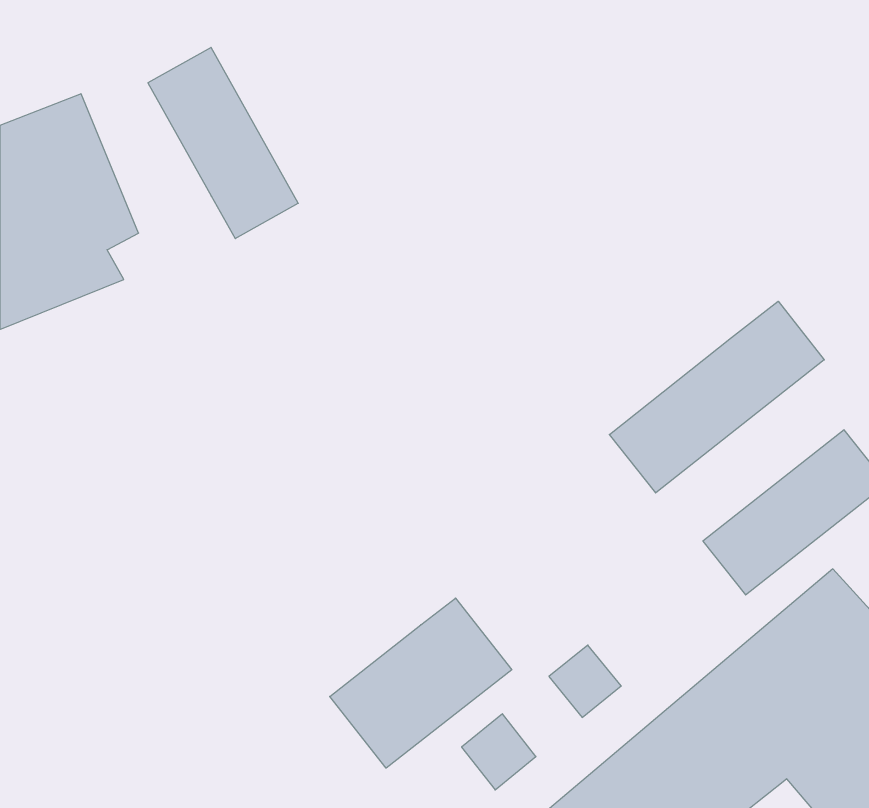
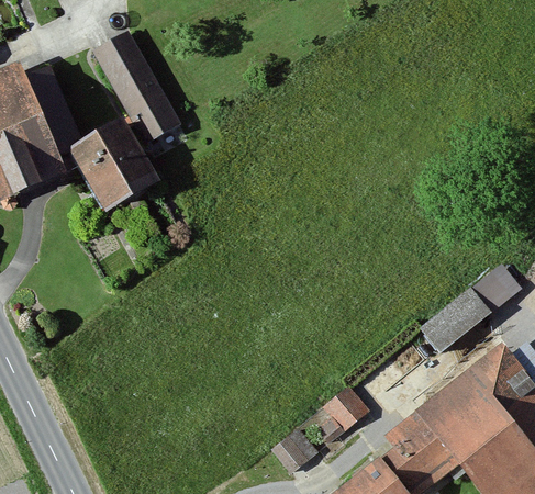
building: none -> [65,120,163,217]
building: [609,301,824,493] -> none
building: [330,598,512,768] -> none

